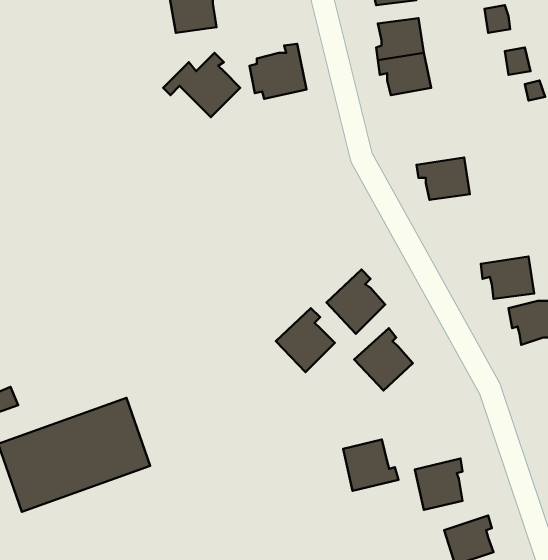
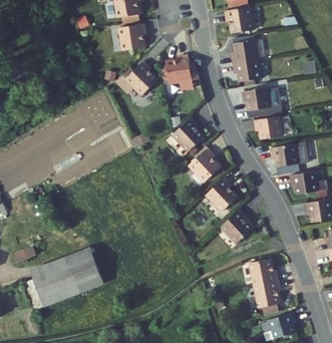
building: none -> [242,88,271,112]
building: none -> [172,118,204,153]
building: none -> [270,141,309,168]
building: [276,308,335,372] -> [188,148,220,184]
building: [343,440,398,491] -> [248,260,278,288]

